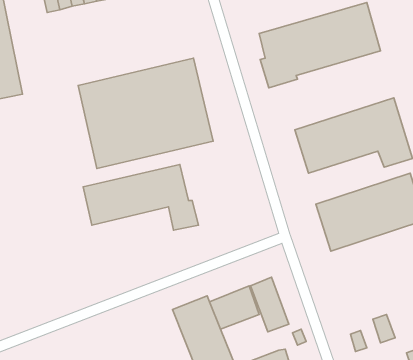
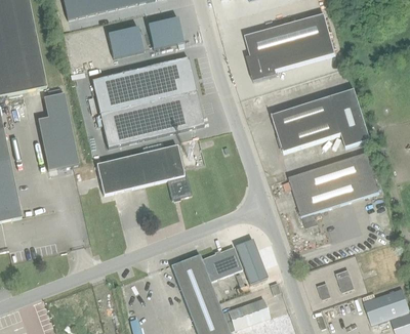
building: none -> [148,16,183,48]
building: none -> [108,26,144,57]
building: none -> [38,92,79,169]

